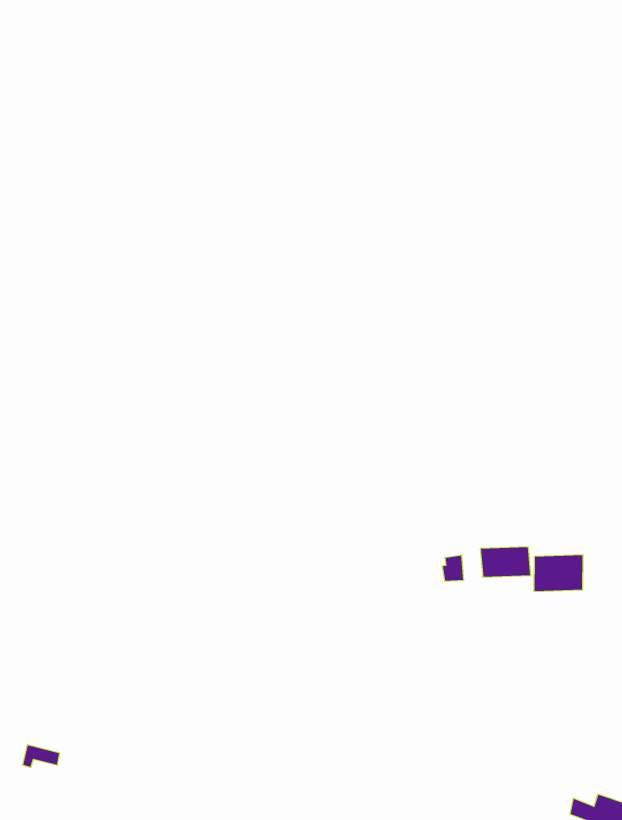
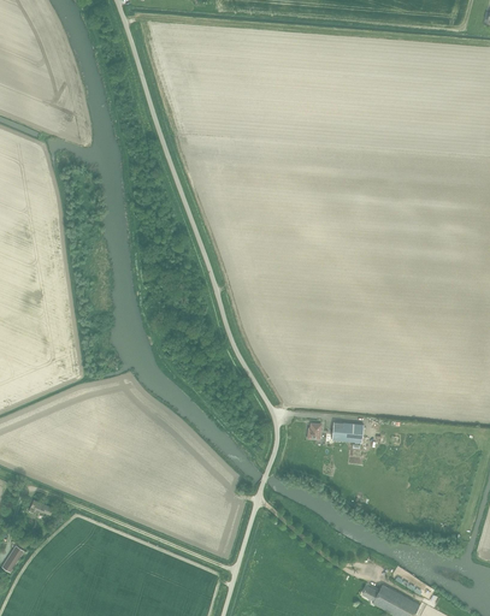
building: [534,555,583,592] -> none

